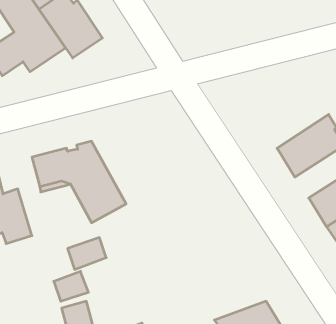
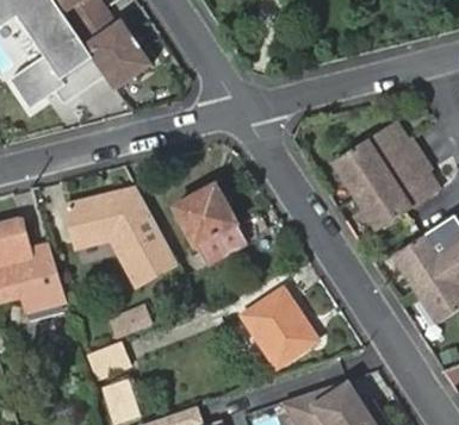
building: none -> [335,124,420,195]
building: none -> [175,185,247,263]
building: none -> [243,288,317,367]

